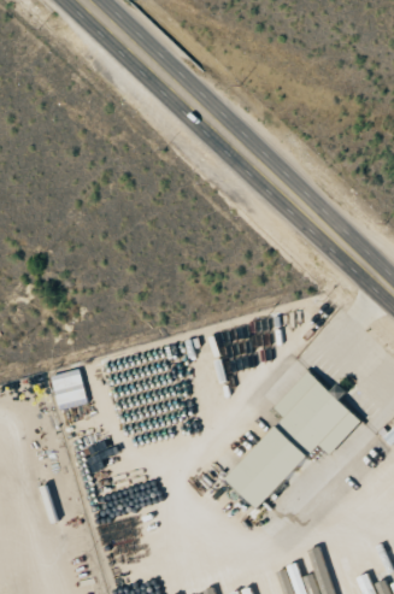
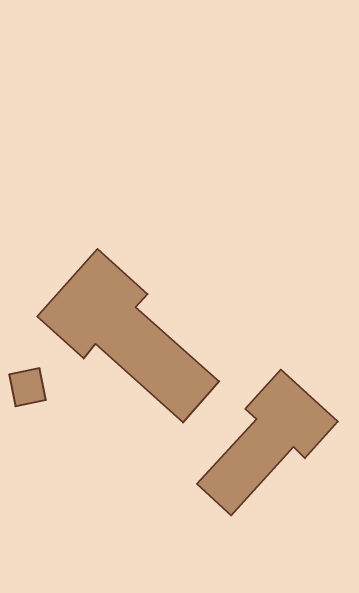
building: none -> [37,249,219,423]

